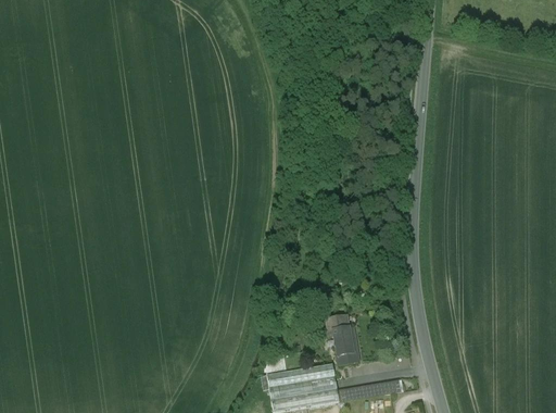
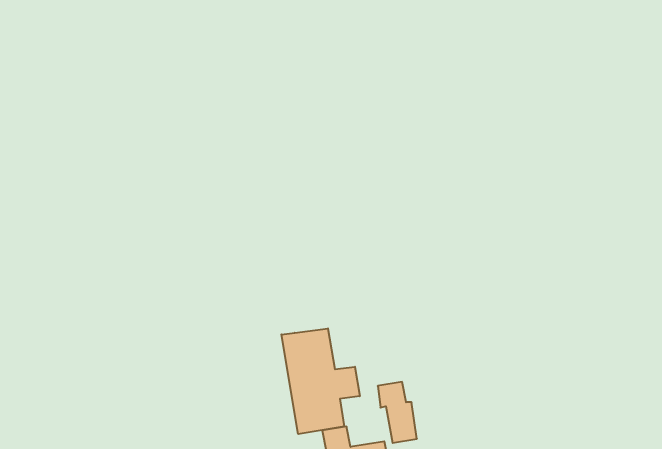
building: none -> [281,328,360,434]

